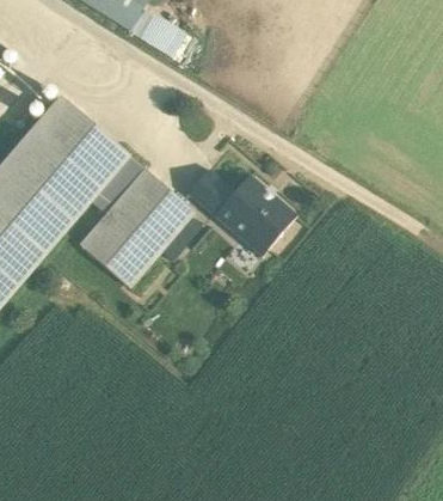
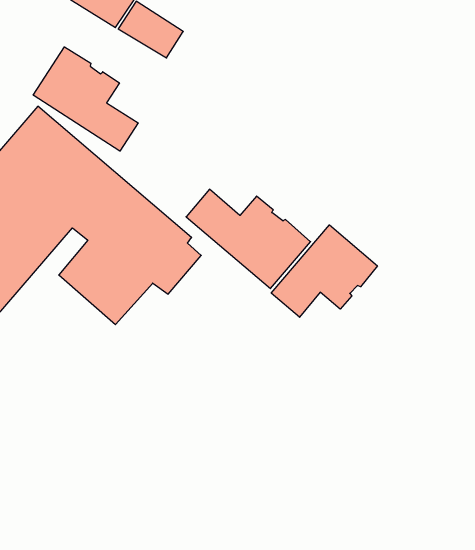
building: none -> [33,47,138,151]
building: none -> [271,225,377,317]

